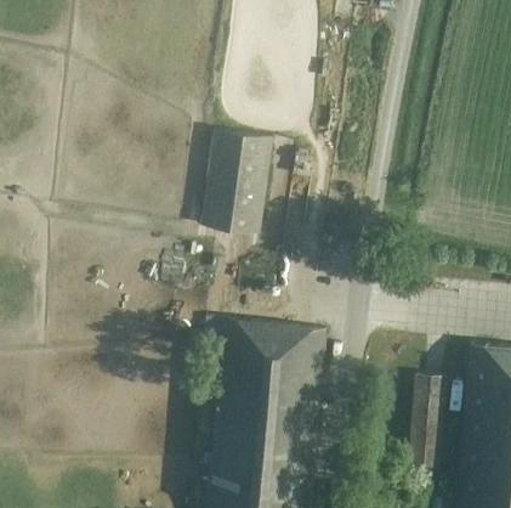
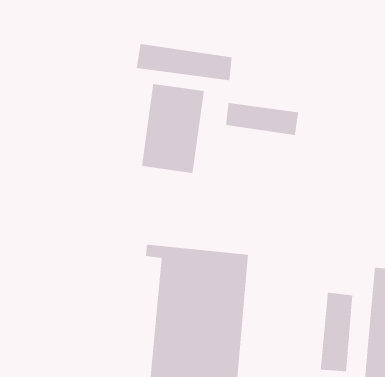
building: none -> [136,43,233,81]
building: none -> [225,102,299,136]

